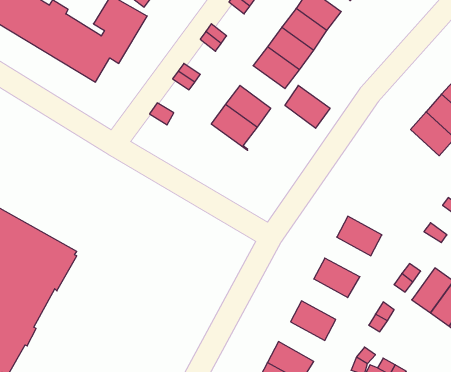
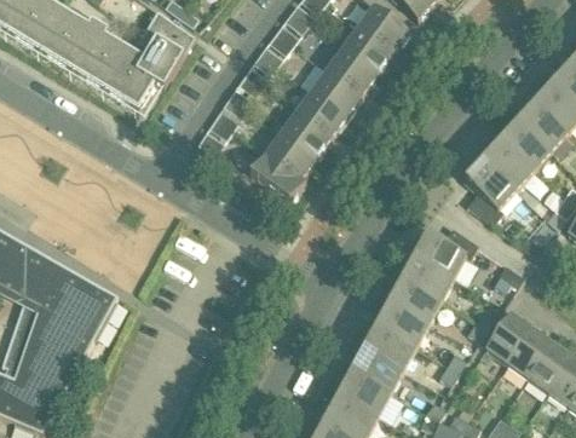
building: [285,85,330,128] -> [295,90,345,137]
building: none -> [249,154,304,203]
building: none -> [465,160,514,223]
building: none -> [414,226,476,276]
building: none -> [388,278,439,322]
building: none -> [363,324,414,369]
building: none -> [338,371,388,415]

